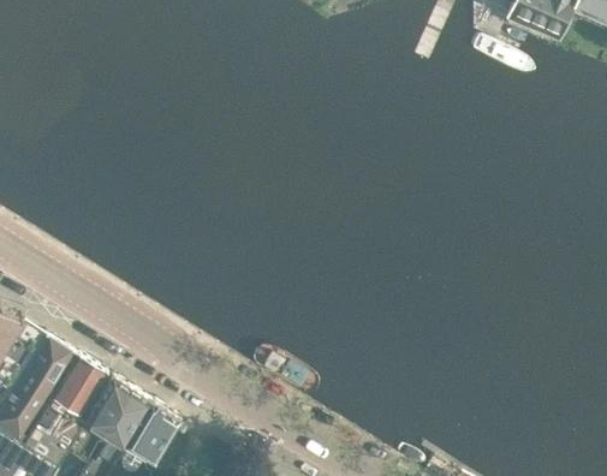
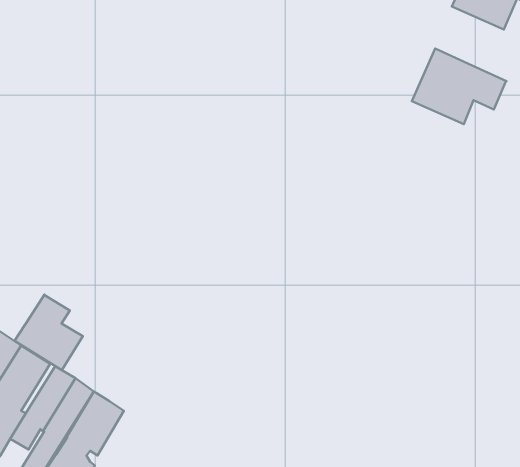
building: none -> [412,48,506,124]
building: none -> [14,295,83,370]

